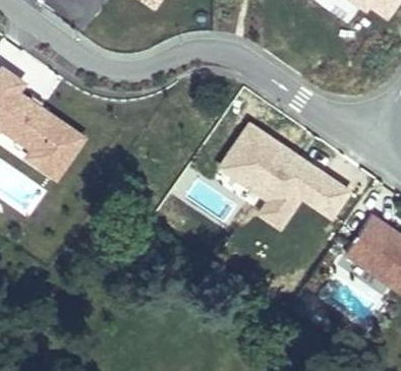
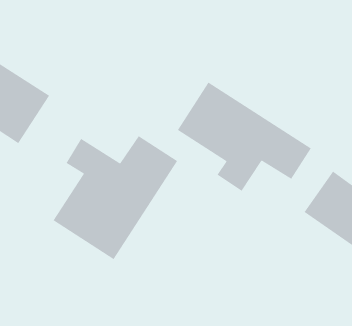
building: none -> [52,135,178,260]

